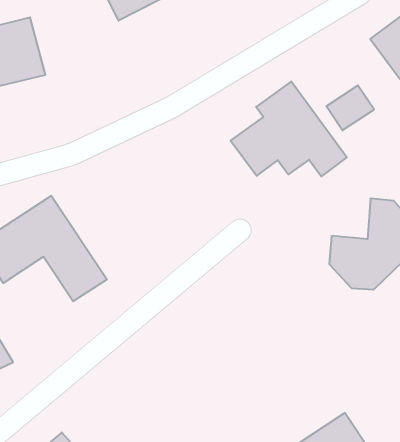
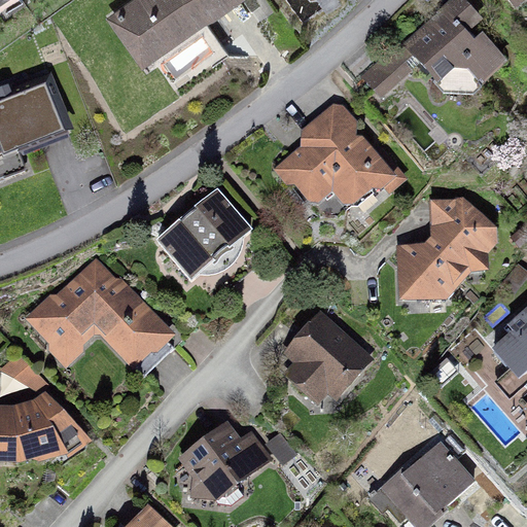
building: [326,85,374,130] -> [360,47,411,97]
building: none -> [155,187,251,280]
building: none -> [283,311,368,407]
building: none -> [178,422,269,500]

